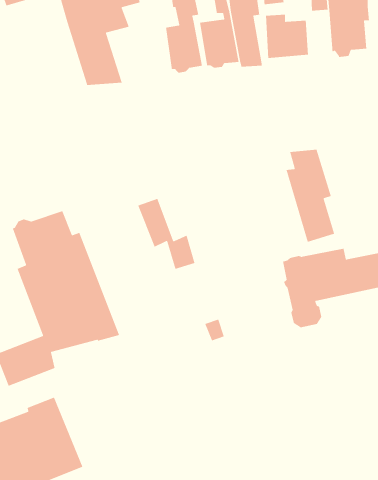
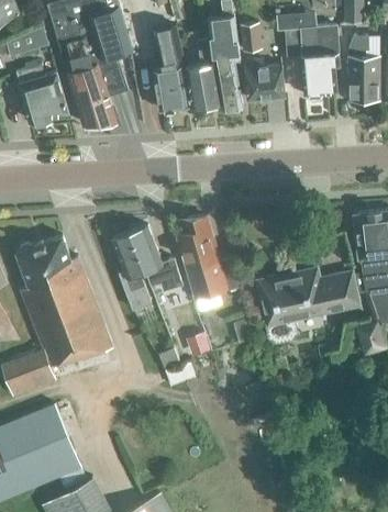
building: none -> [16,64,68,122]
building: [285,149,335,243] -> [177,216,222,301]
building: none -> [112,232,153,311]

